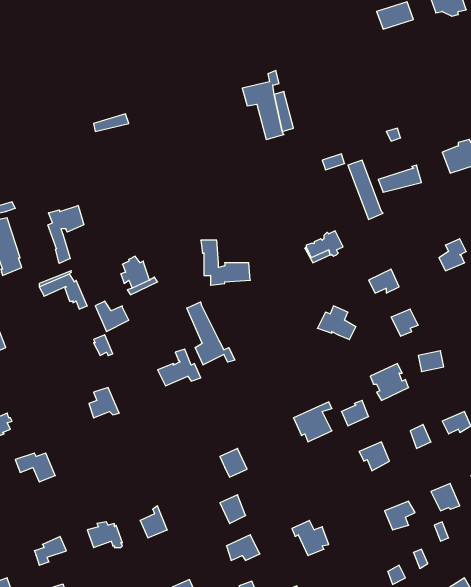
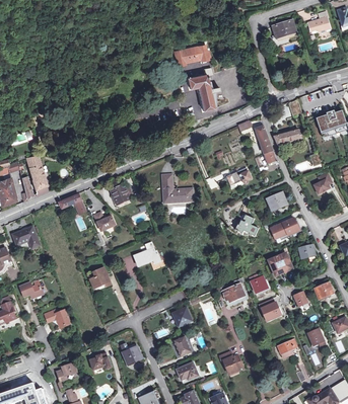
building: none -> [171,43,211,66]
building: [48,205,84,263] -> none
building: [187,302,235,365] -> none

